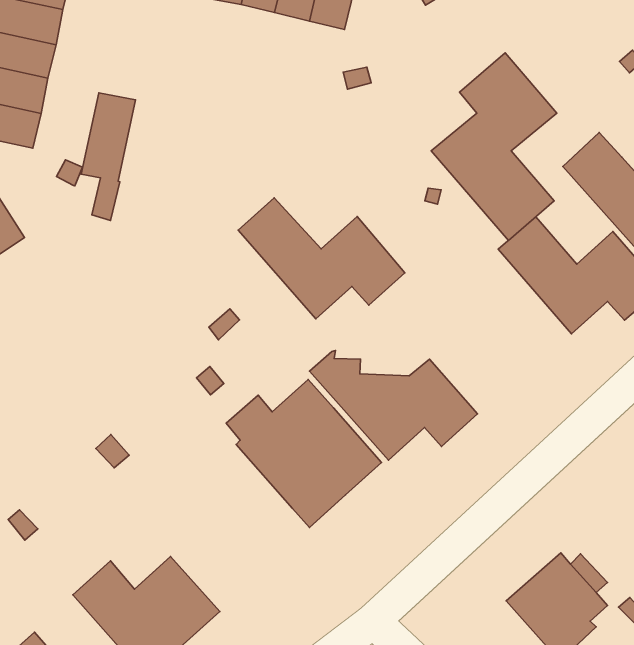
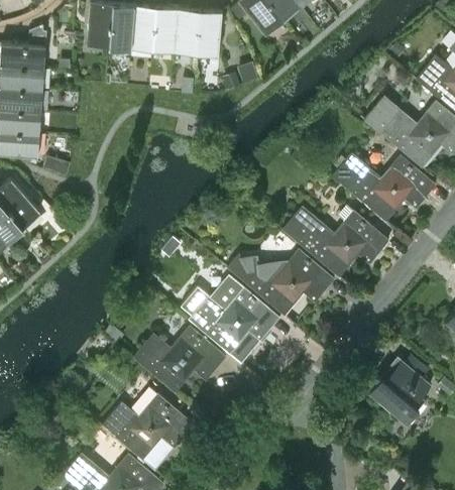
building: [431,53,557,240] -> none
building: [81,93,136,220] -> none
building: [238,198,405,319] -> [282,207,388,277]
building: none -> [134,327,225,392]

